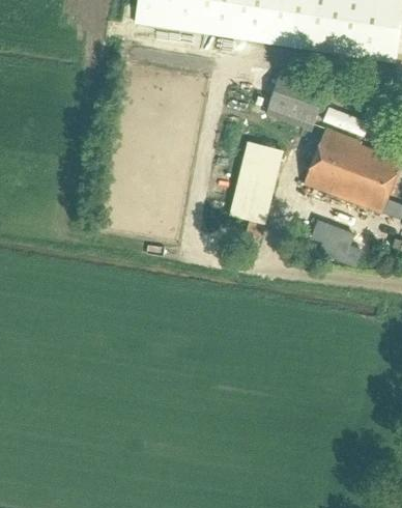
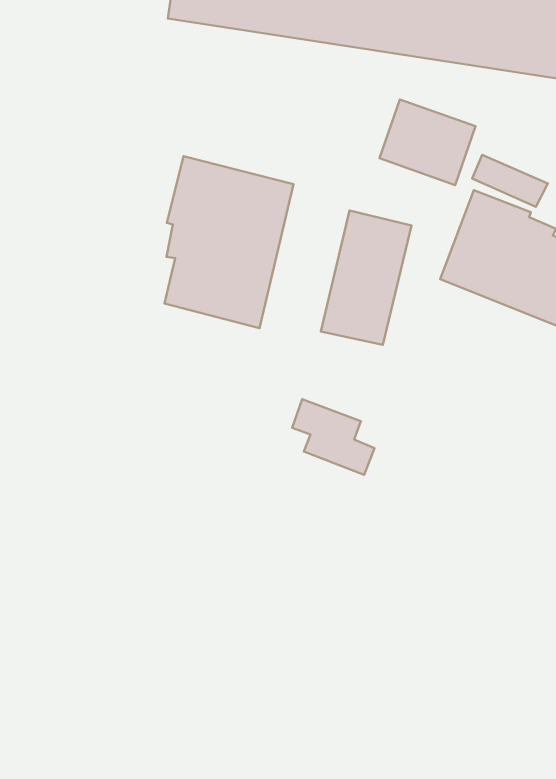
building: none -> [164,156,294,328]
building: [310,221,361,267] -> [292,399,374,475]

